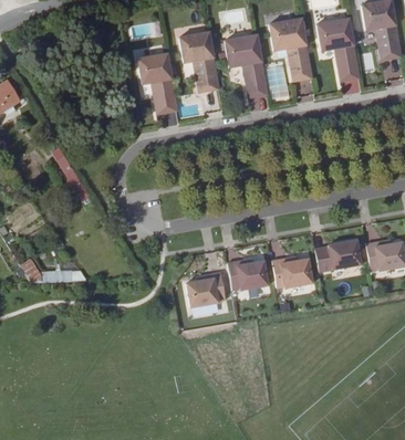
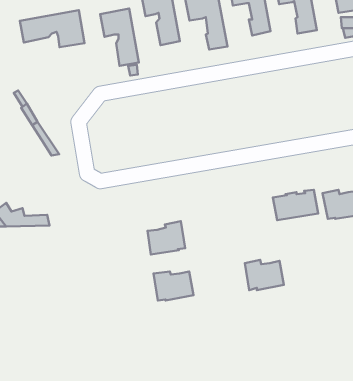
building: none -> [20,10,84,47]
building: [272,256,312,287] -> [245,260,284,290]
building: [227,260,268,290] -> [154,271,194,301]

